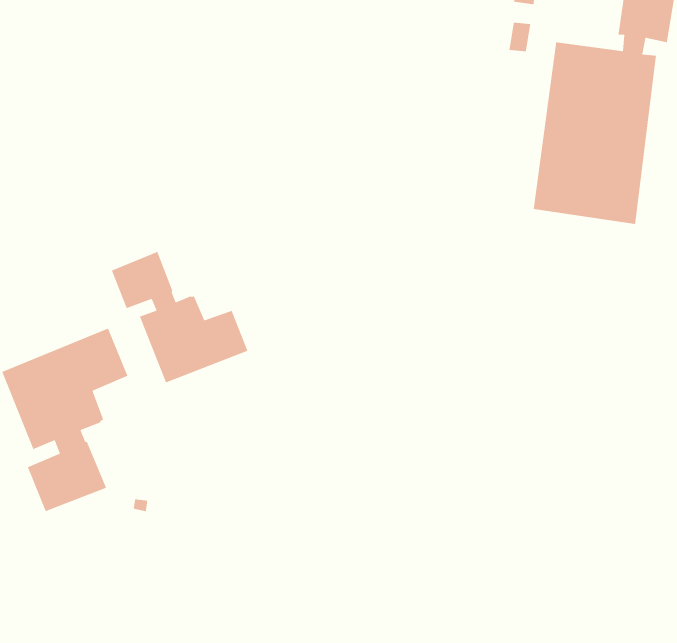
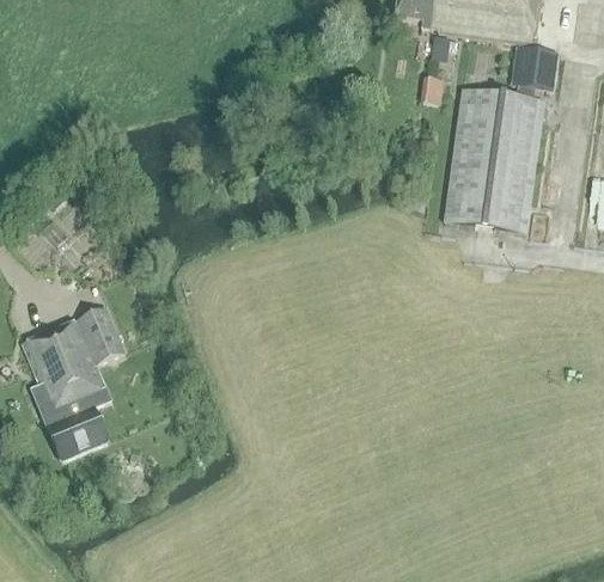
building: [111,251,248,384] -> none

